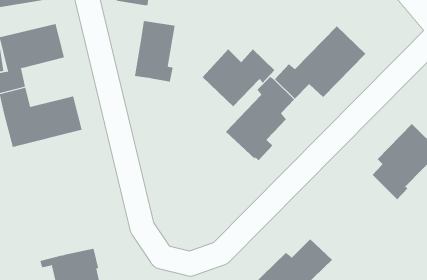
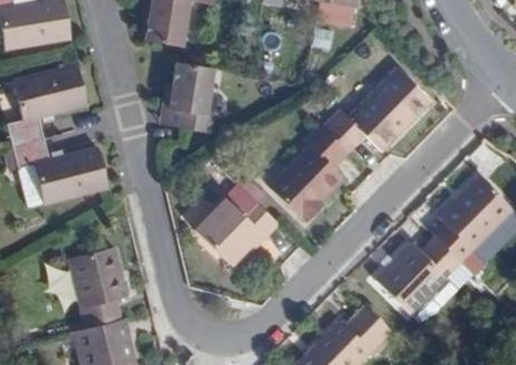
building: [202,49,275,107] -> [196,198,279,264]
building: none -> [379,237,461,310]
building: none -> [70,247,127,327]

